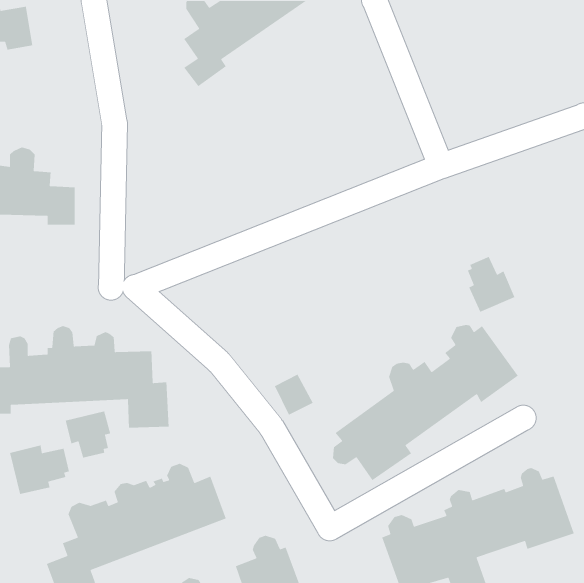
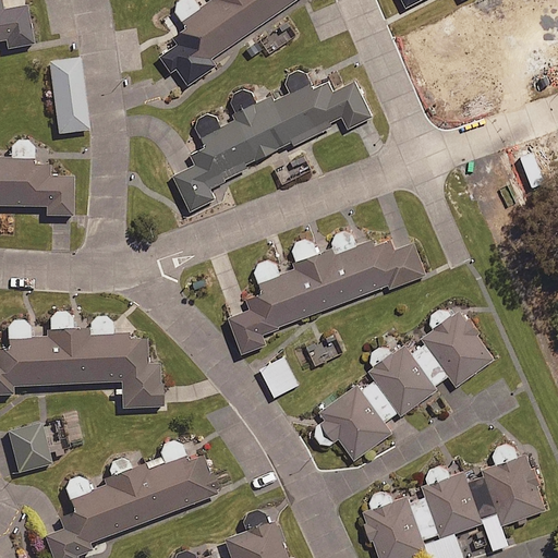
building: none -> [48,60,88,135]
building: none -> [174,70,371,210]
building: none -> [230,231,426,353]
building: [467,256,515,313] -> none
building: [65,410,111,459] -> none

